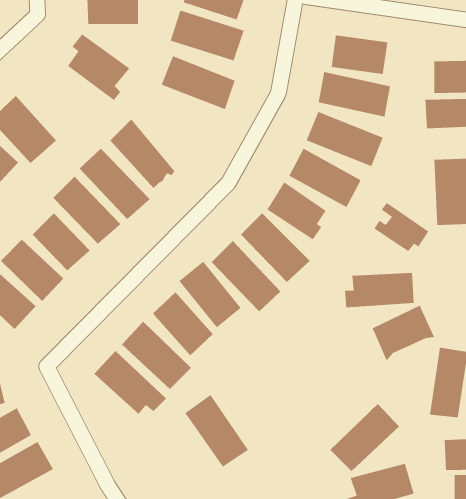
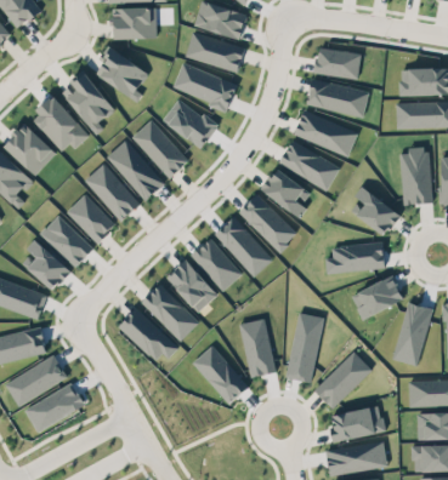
building: none -> [62,72,113,128]
building: none -> [163,98,217,148]
building: none -> [285,313,323,383]
building: none -> [238,319,276,377]

